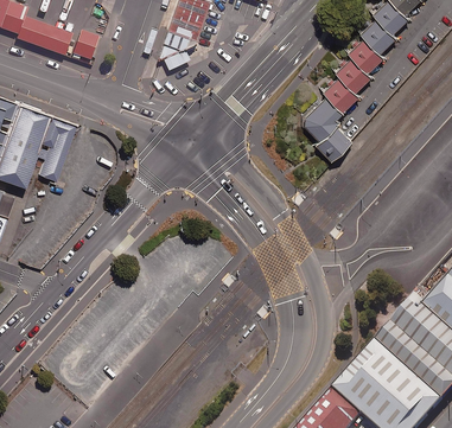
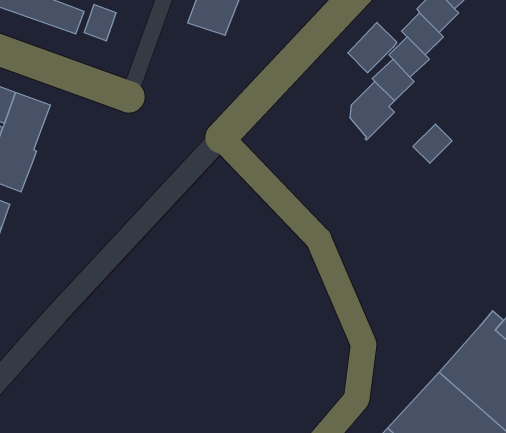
building: none -> [348,22,397,73]
building: [32,114,74,180] -> none
building: [313,124,346,158] -> [413,124,452,163]

